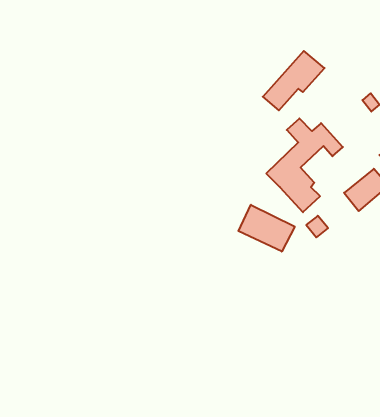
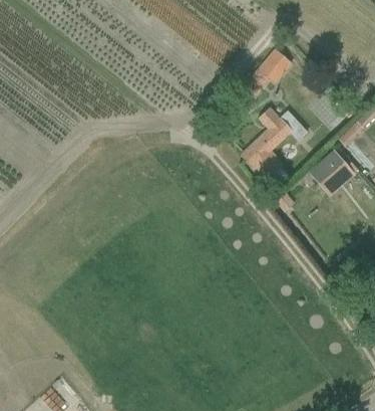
building: [238,205,295,252] -> none

